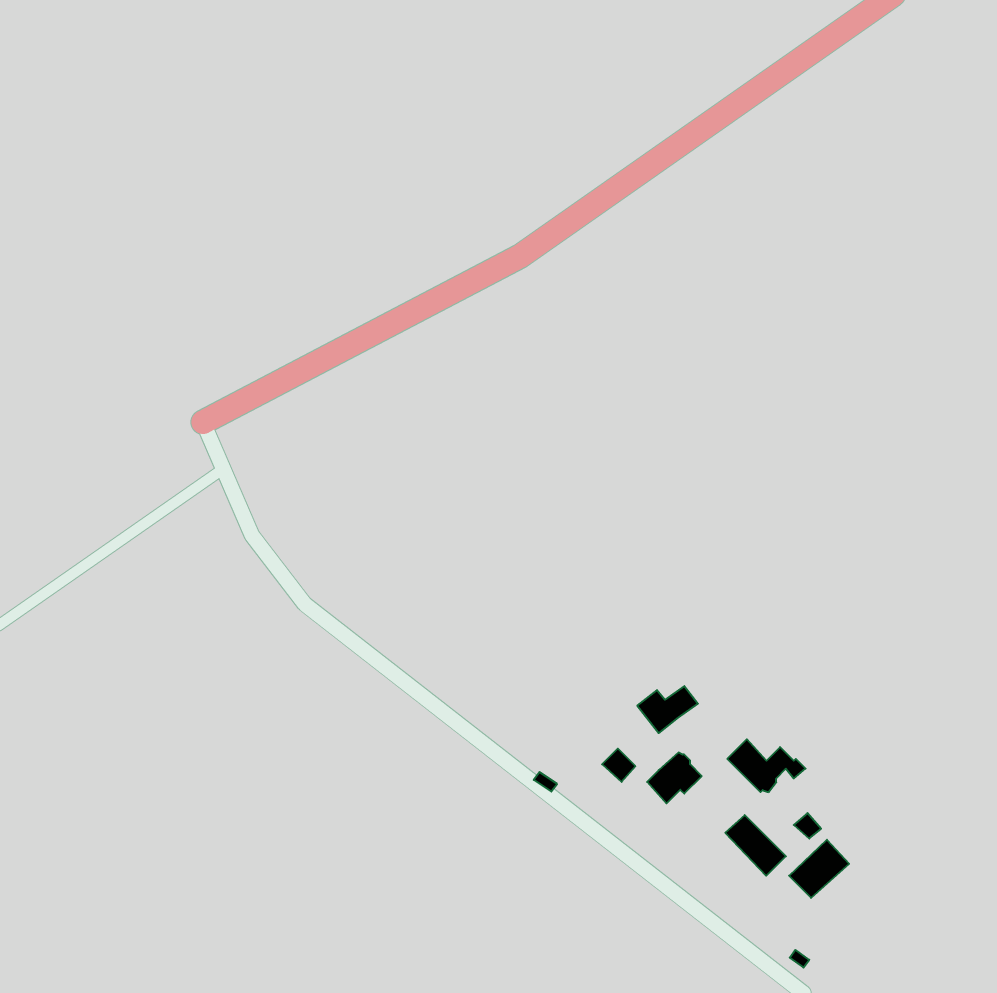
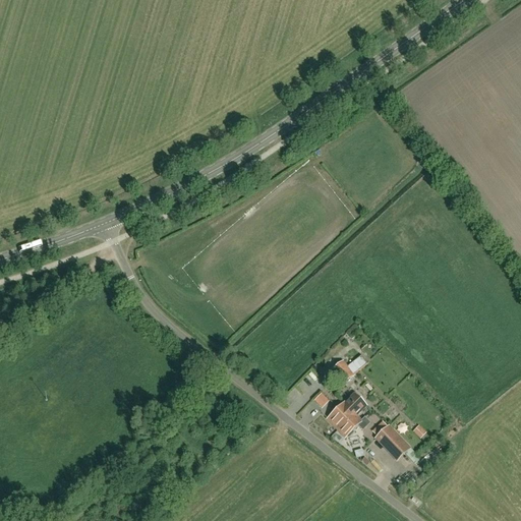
building: [727,739,806,792] -> [327,407,367,435]
building: [789,840,849,898] -> none

